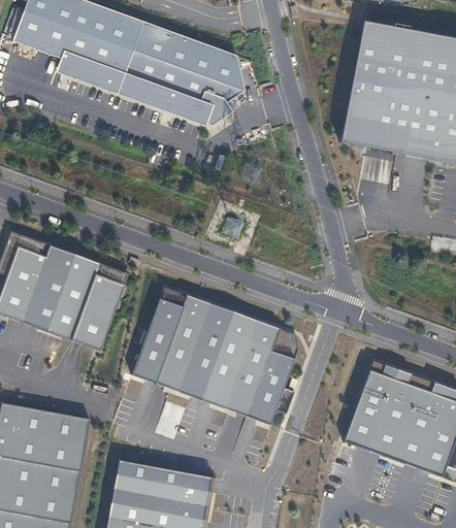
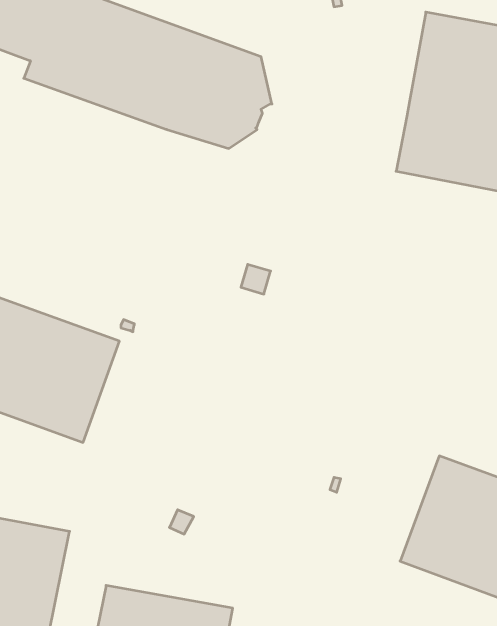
building: [132,286,299,425] -> none

